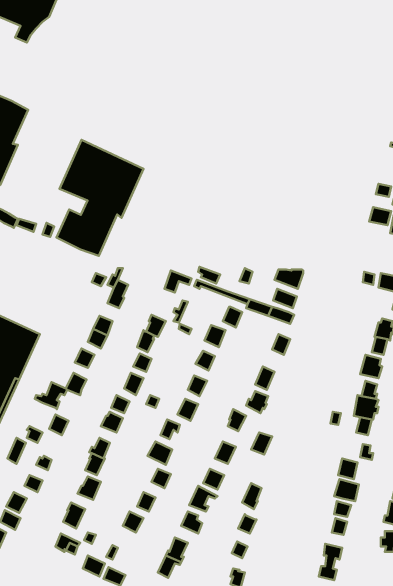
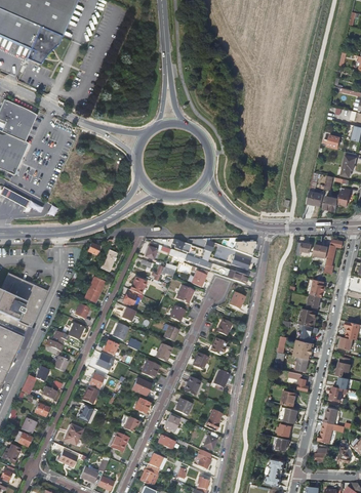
building: [56,140,144,256] -> none

